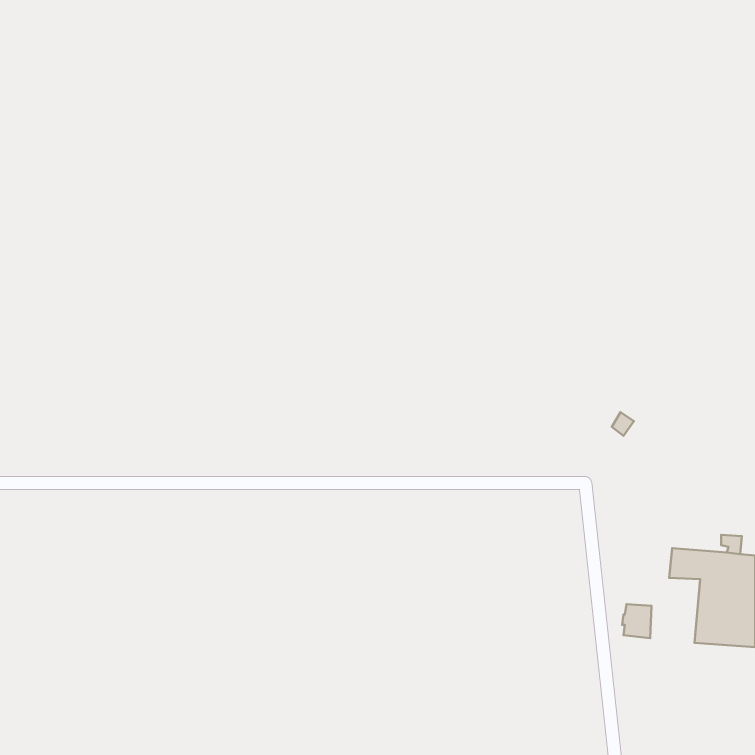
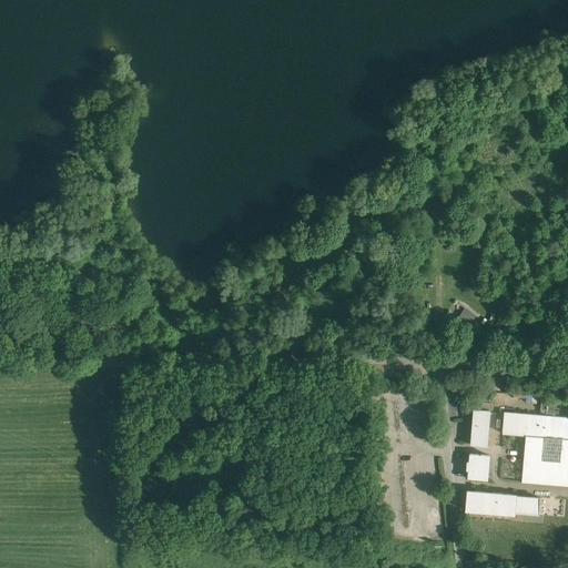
building: none -> [471,409,490,446]
building: none -> [466,490,540,515]

